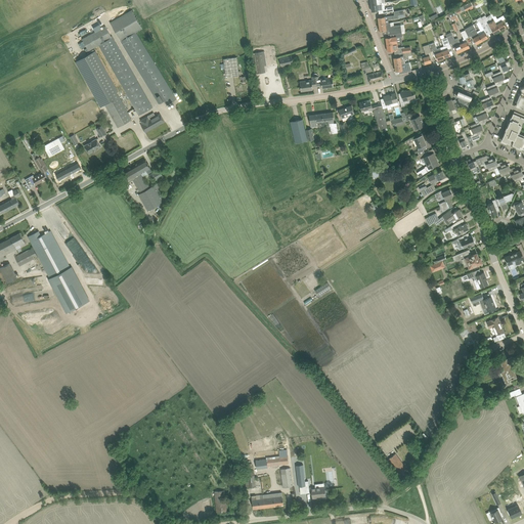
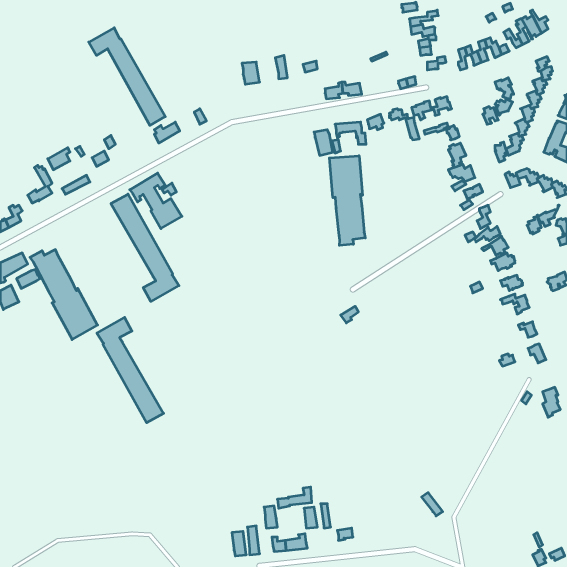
building: [110,10,176,104] -> none
building: [75,50,131,127] -> none
building: none -> [329,156,365,245]
building: none -> [111,194,179,301]
building: none -> [97,317,164,423]

